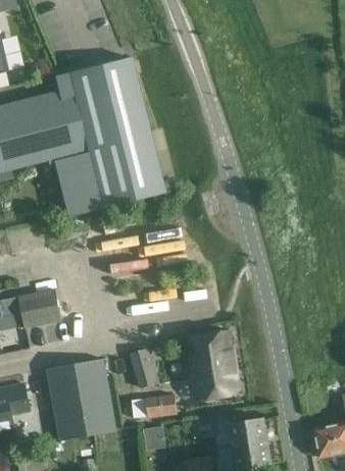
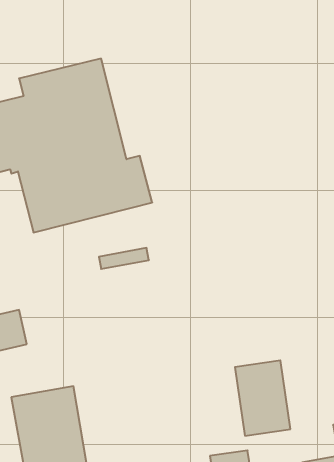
building: [189,330,240,400] -> [235,360,290,436]
building: [131,348,167,387] -> none
building: [132,395,178,418] -> none

